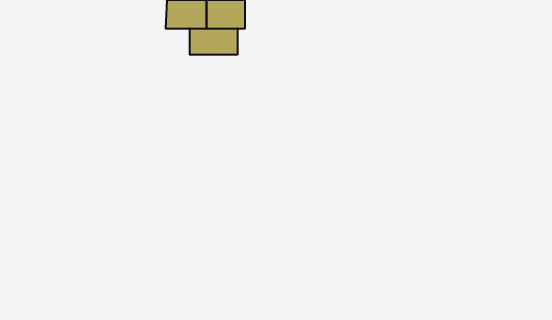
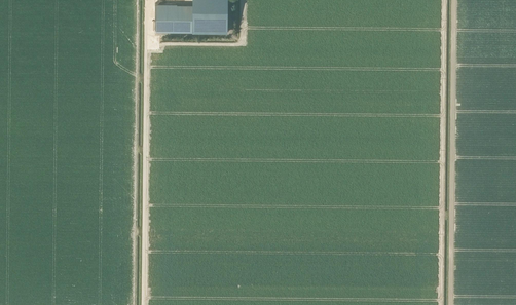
building: [190,28,237,55] -> none

